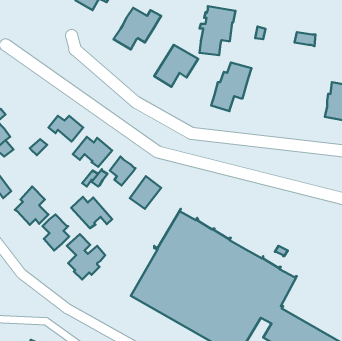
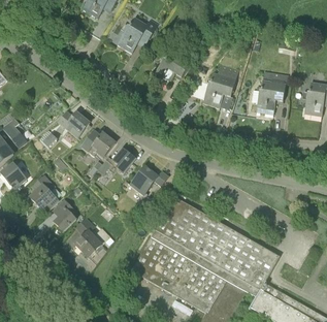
building: [200,6,236,55] -> [256,70,288,114]
building: [71,197,112,228] -> none

